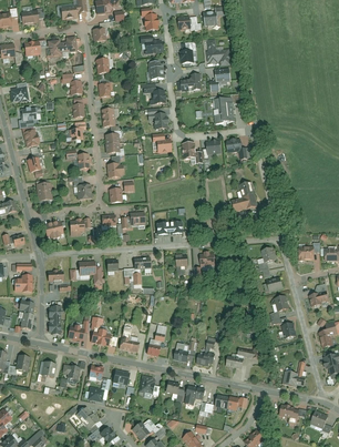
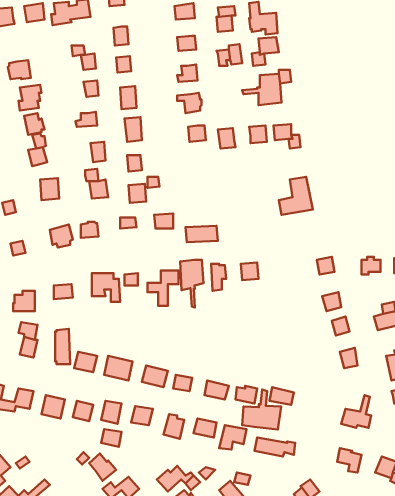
building: none -> [180,260,204,307]
building: none -> [242,390,281,429]

